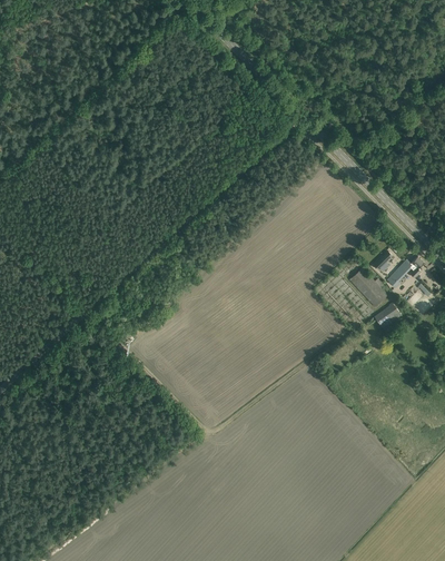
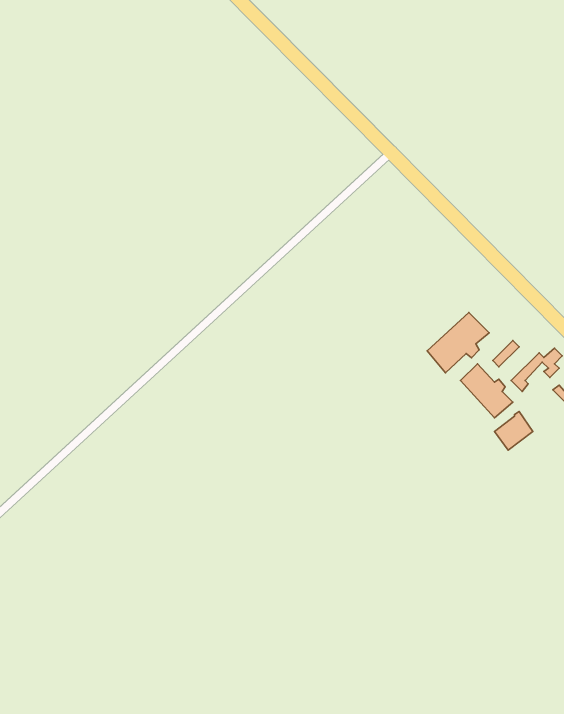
building: none -> [427,313,489,373]

